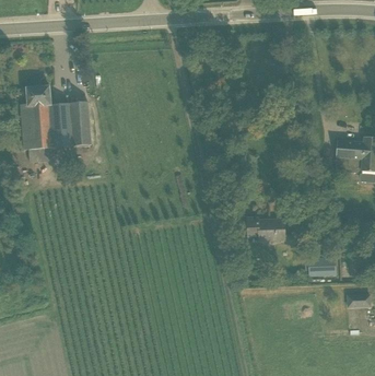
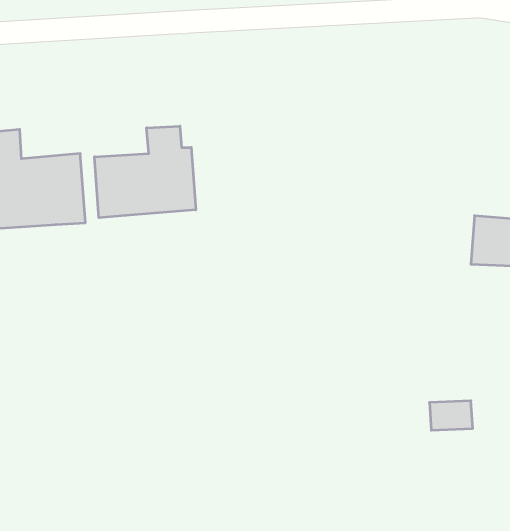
building: none -> [95,126,196,218]
building: [247,216,285,240] -> none

